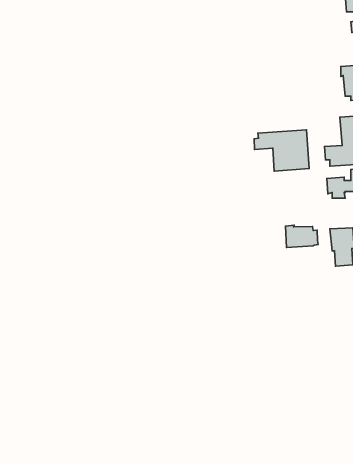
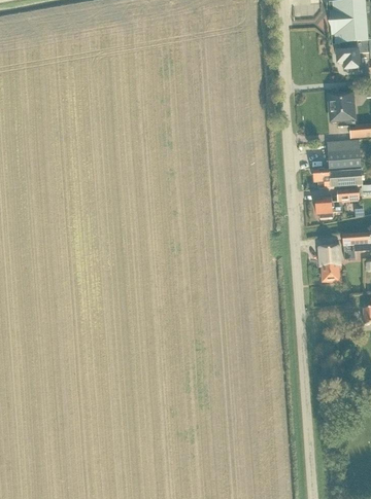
building: [254,130,309,171] -> none
building: [285,225,318,247] -> none

